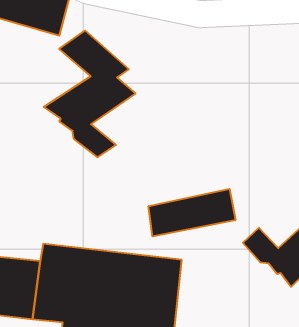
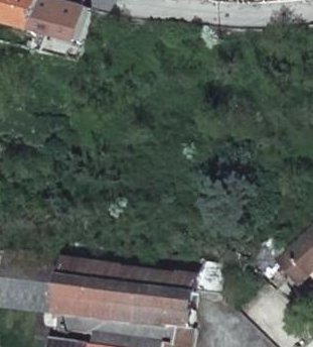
building: [44,31,135,157] -> none
building: [149,189,235,236] -> none

